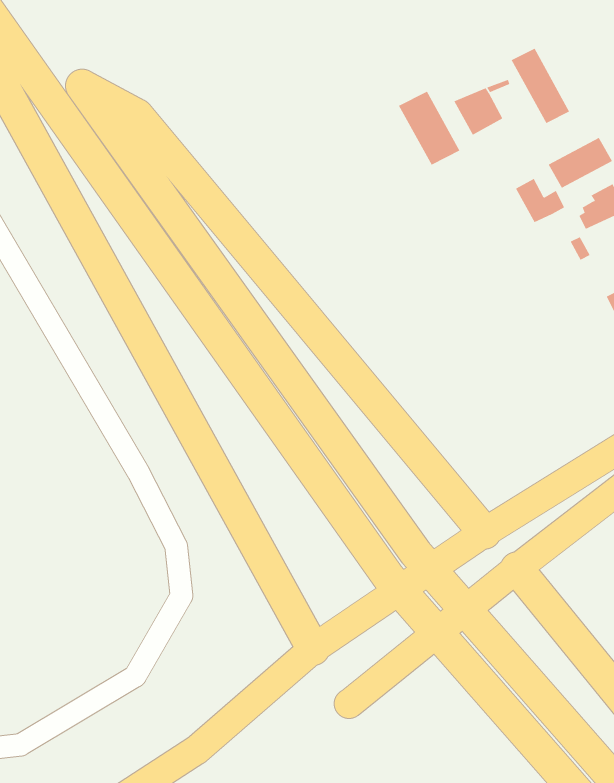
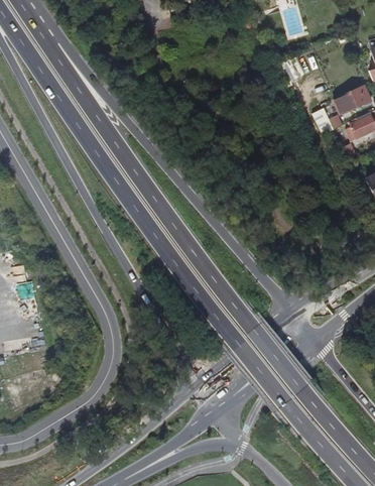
building: [511,48,570,124] -> none
building: [398,91,460,166] -> none

